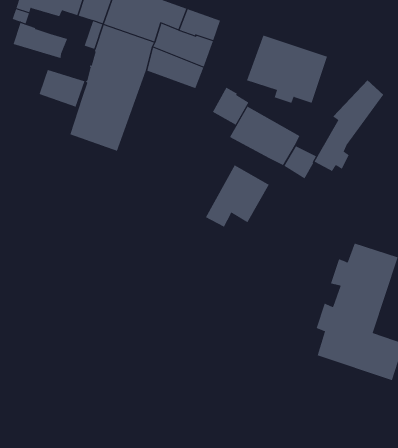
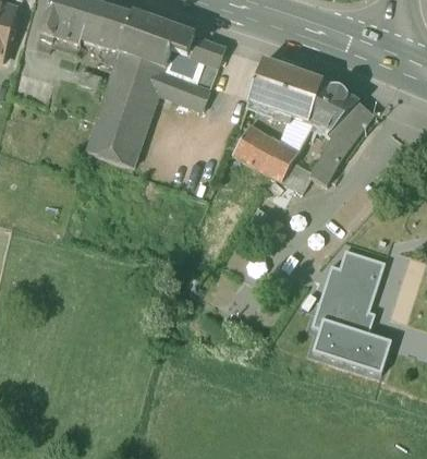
building: [13,22,68,59] -> none
building: none -> [308,80,358,134]
building: [39,69,85,107] -> none
building: [212,87,249,126] -> none
building: [205,165,270,228] -> none

